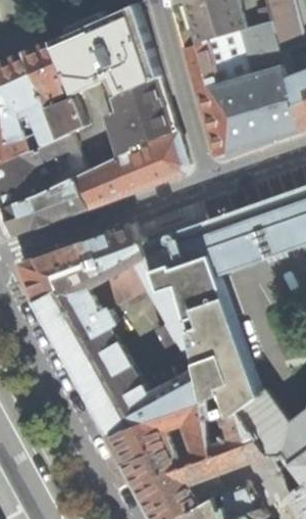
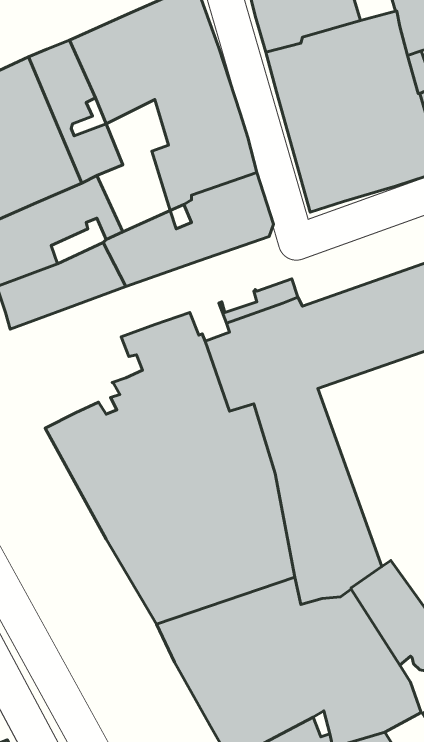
building: [20,242,90,303] -> none

